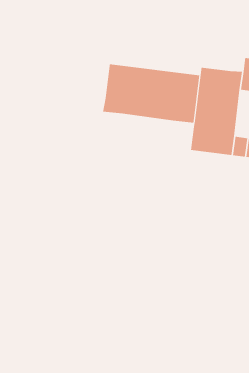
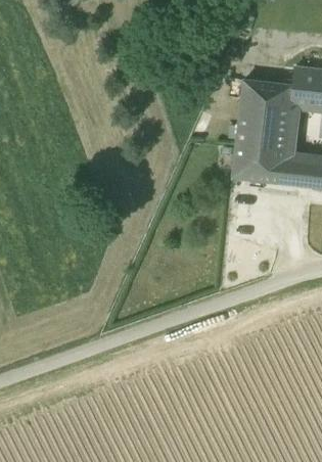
building: [103,64,200,123] -> none

